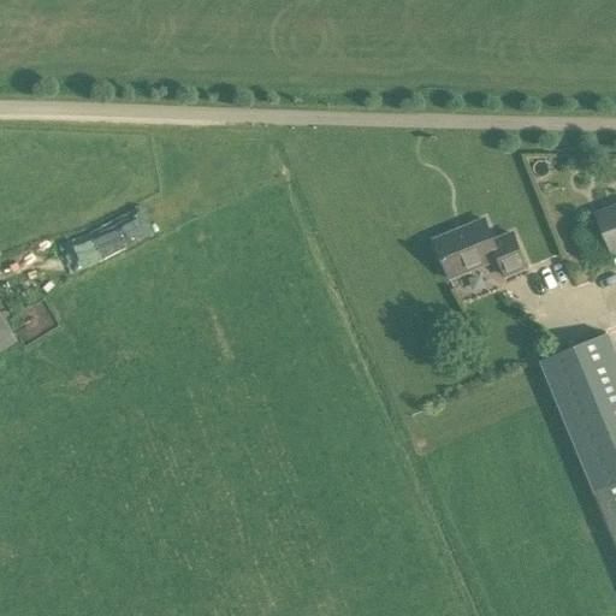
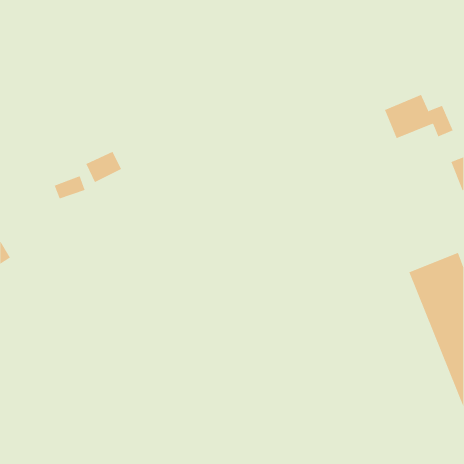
building: [436,219,527,278] -> [384,94,453,139]

